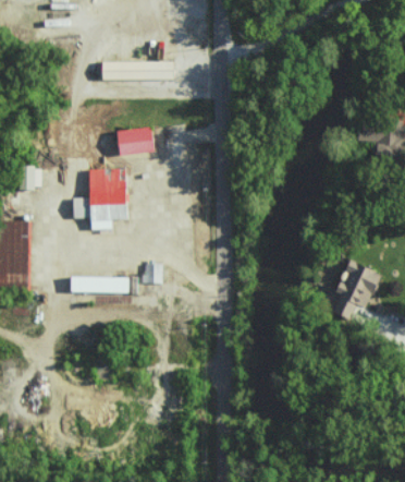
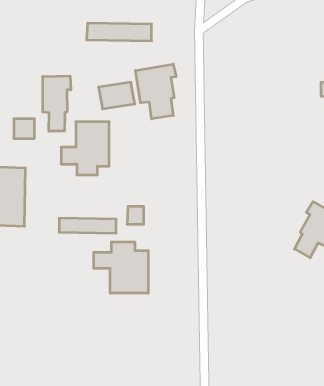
building: none -> [135,64,176,119]
building: none -> [43,76,71,131]
building: none -> [94,242,148,293]

